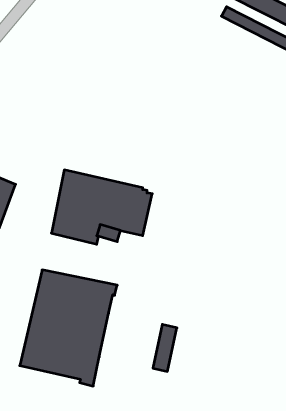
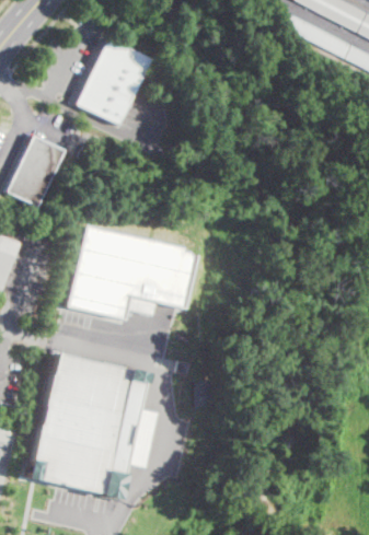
building: none -> [76,38,151,126]
building: none -> [8,136,65,207]
building: [153,324,177,371] -> [128,407,159,467]

